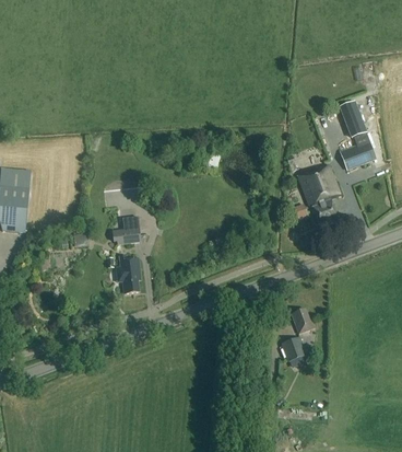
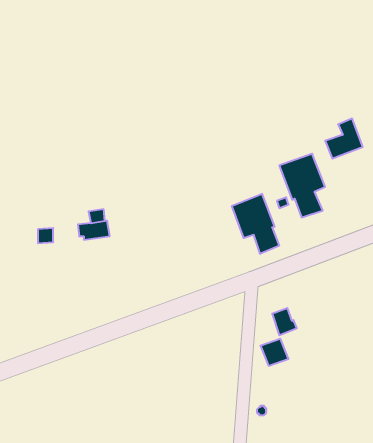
building: [339,100,367,137] -> none
building: none -> [232,194,279,254]
building: [116,255,141,293] -> none

